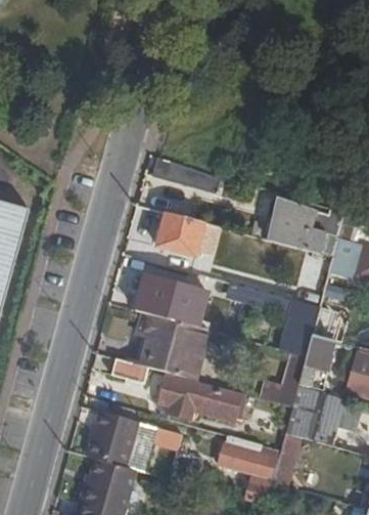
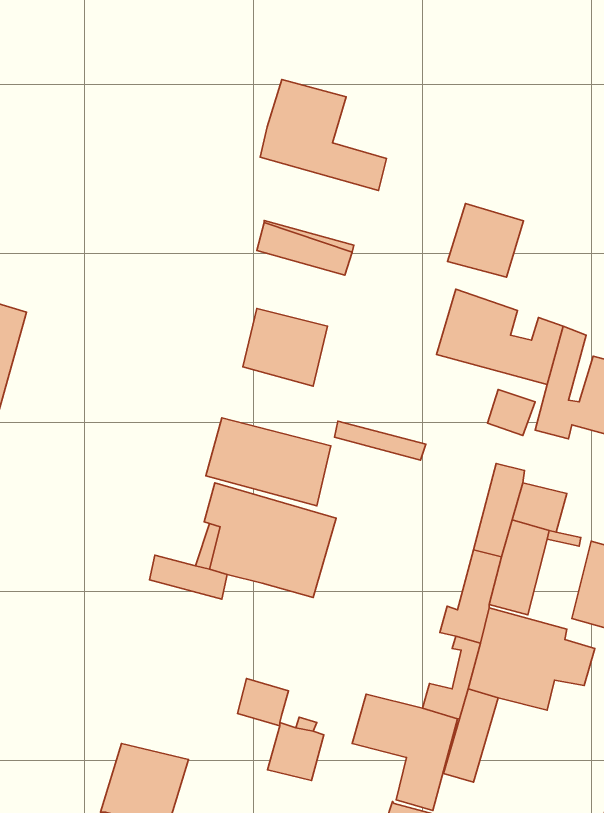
building: none -> [260,79,387,190]
building: none -> [448,204,524,277]
building: [157,372,247,422] -> none
building: [86,413,139,468] -> none

